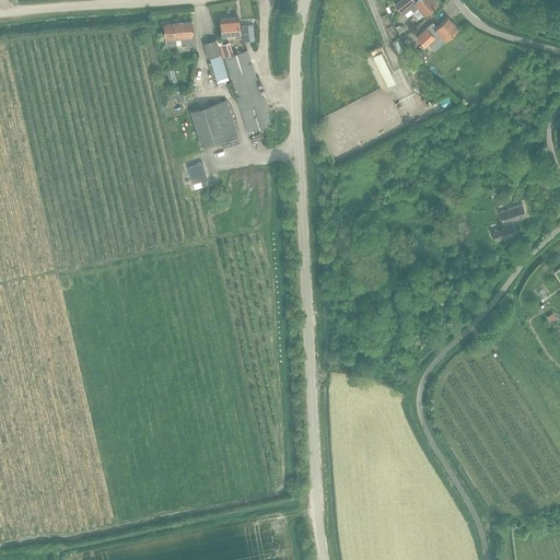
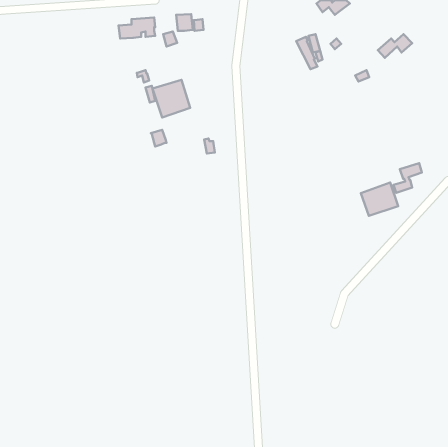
building: [416,19,458,48] -> [378,34,412,58]
building: [224,51,271,132] -> none
building: none -> [361,182,398,216]

